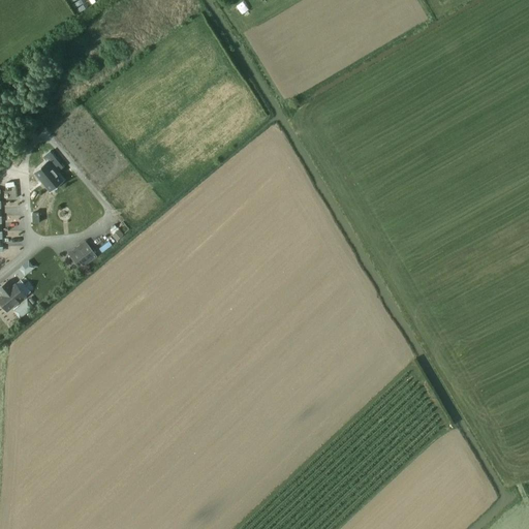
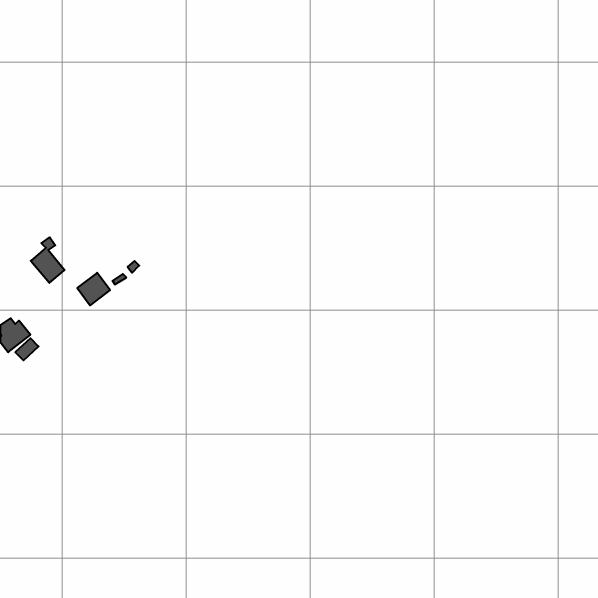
building: [34,152,64,192] -> [31,237,65,283]

